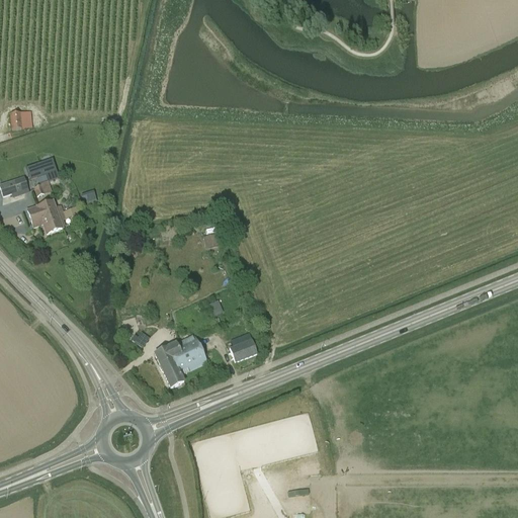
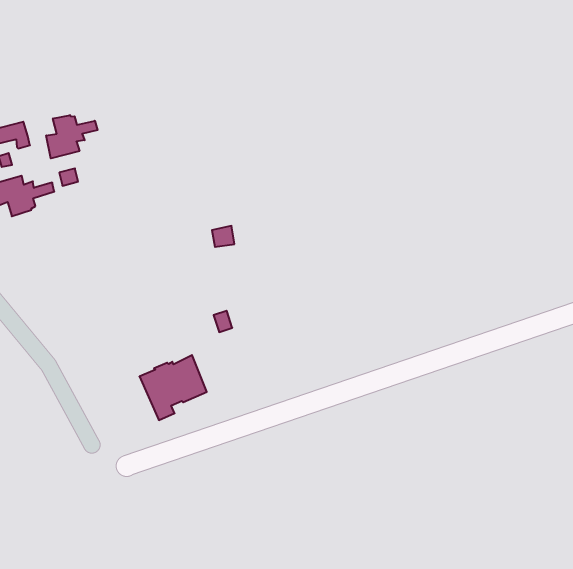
building: none -> [46,115,98,158]
building: [229,337,257,362] -> none

